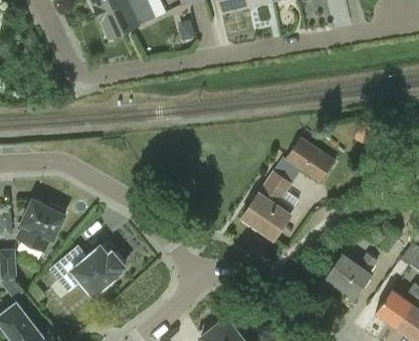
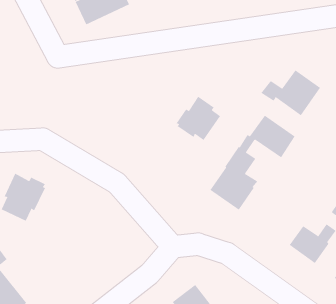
building: none -> [260,69,321,116]
building: none -> [176,96,221,141]
building: [59,246,125,296] -> none

